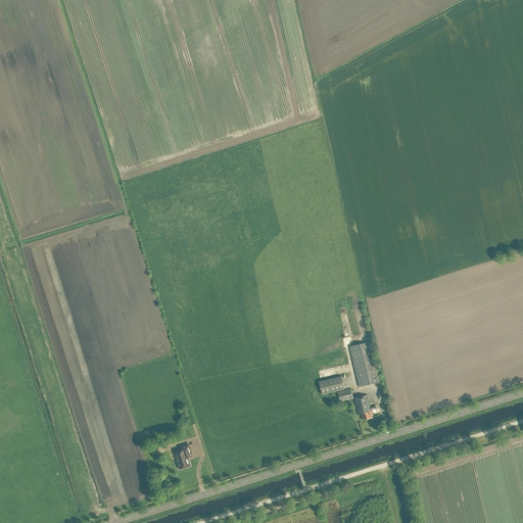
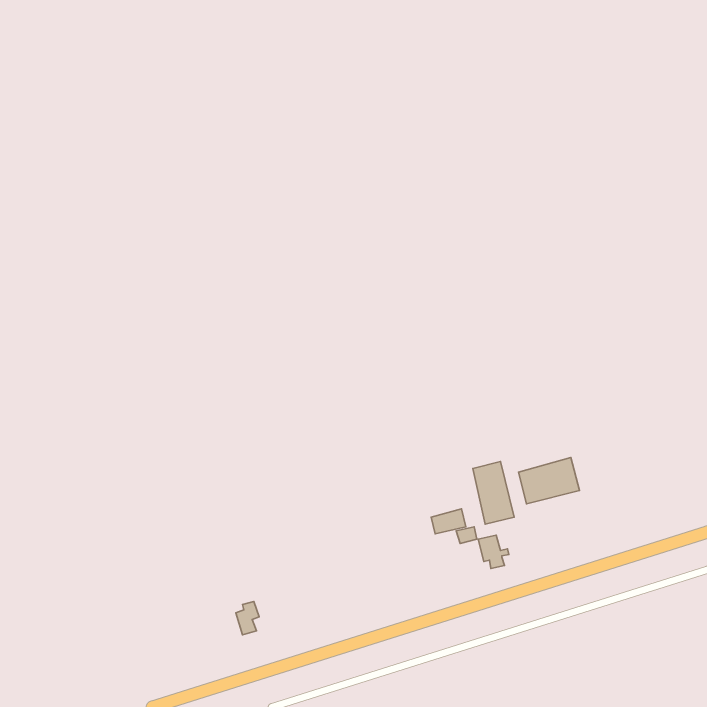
building: none -> [519,457,580,504]

